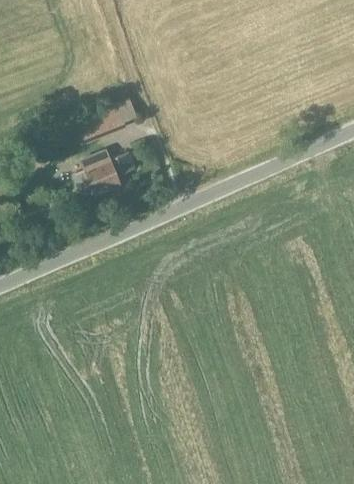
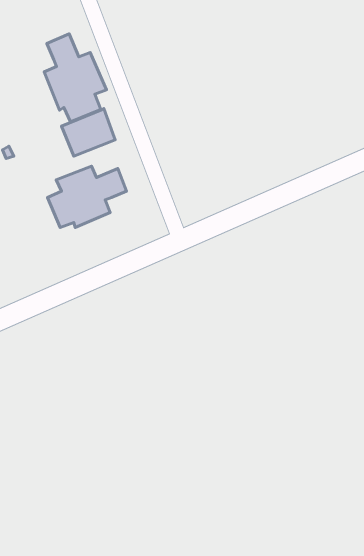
building: none -> [44,34,106,122]

